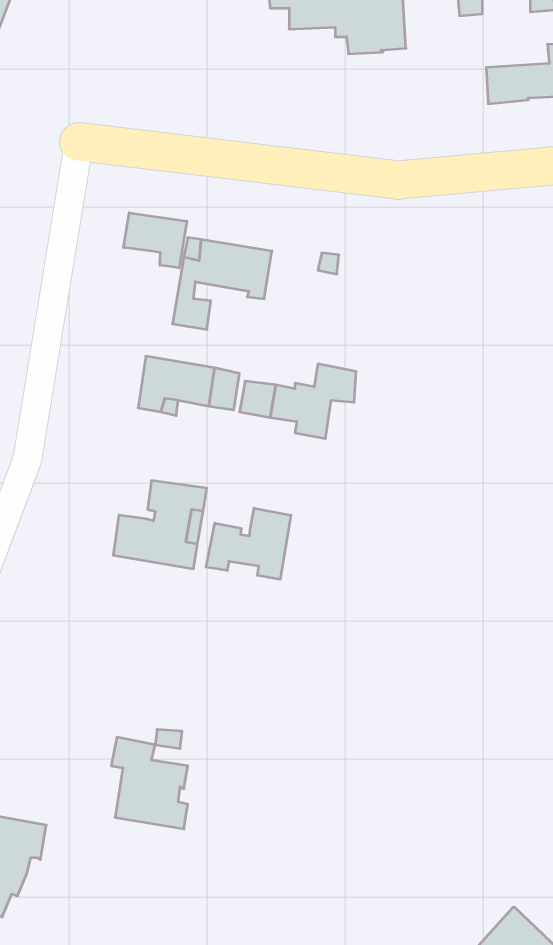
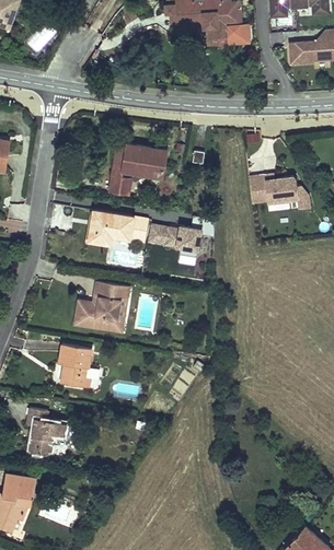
building: [124,213,187,268] -> none
building: none -> [247,175,308,209]
building: [206,508,291,579] -> none
building: none -> [58,343,92,386]
building: [111,737,188,829] -> [23,408,67,460]

